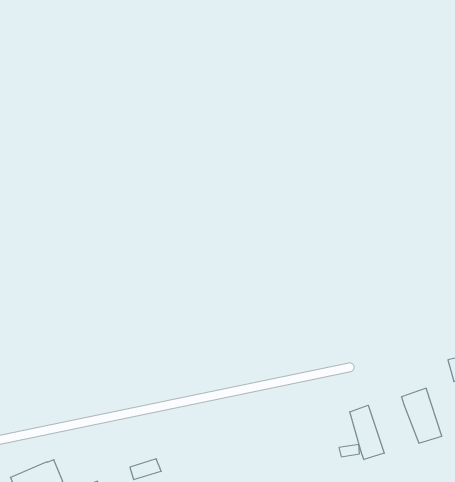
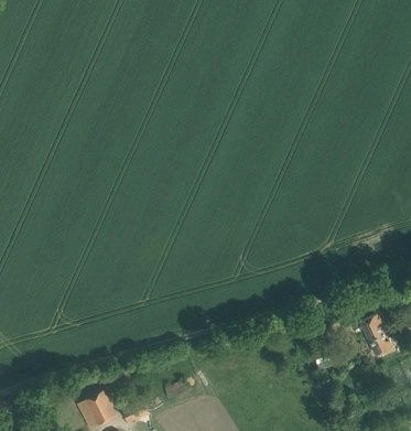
building: [350,405,384,460] -> none

